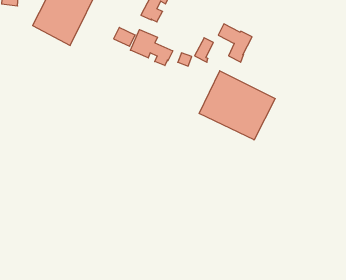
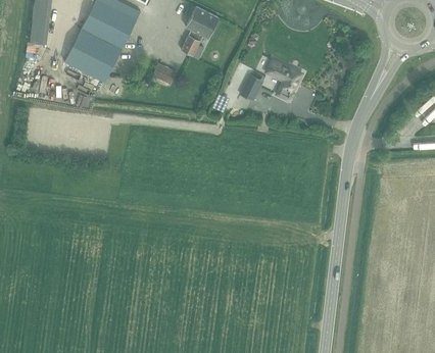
building: [130,30,173,66] -> none
building: [199,71,275,140] -> none

